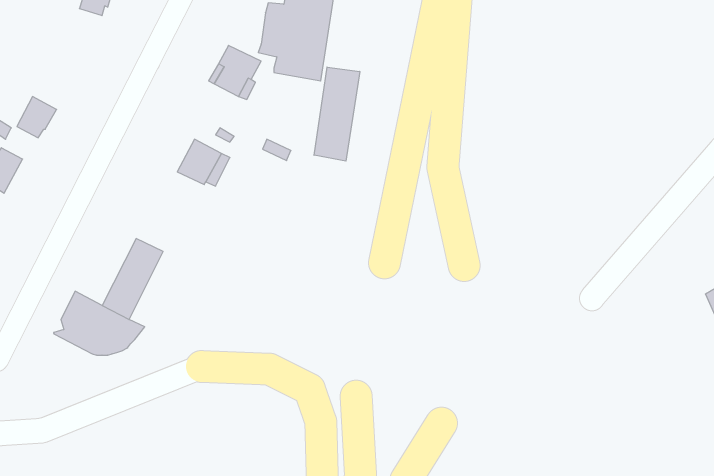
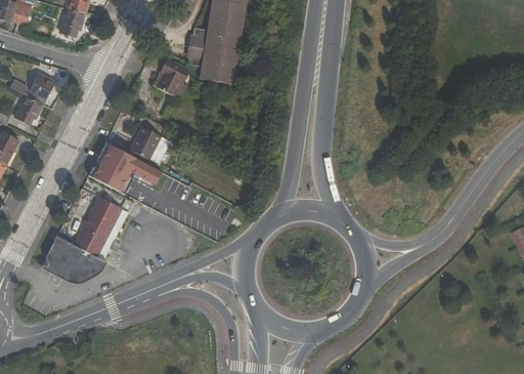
building: none -> [10,74,55,105]
building: [314,67,360,161] -> none
building: none -> [88,140,159,191]

